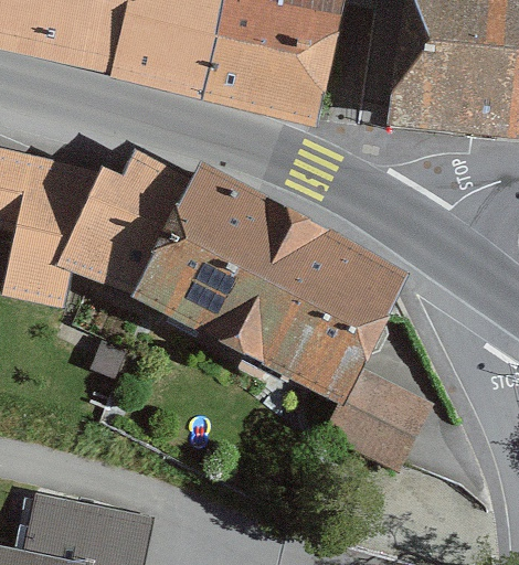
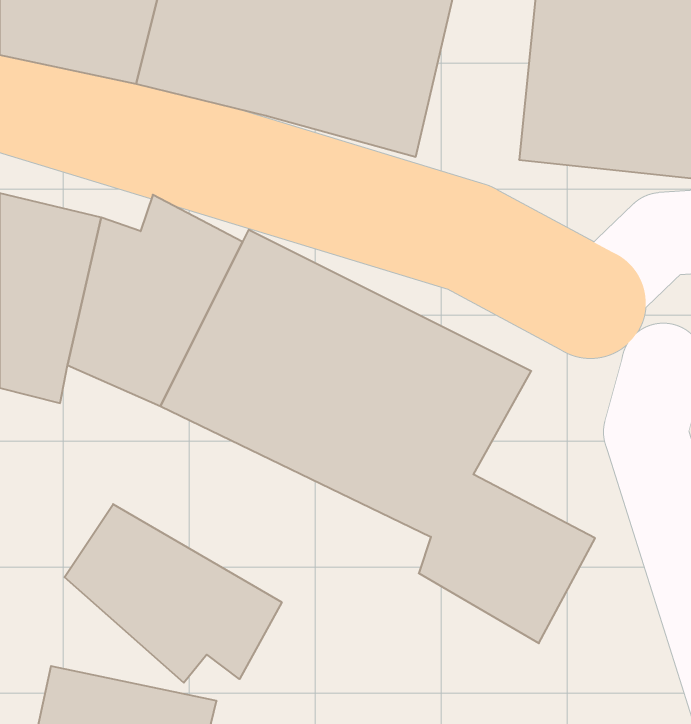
building: none -> [65,504,282,683]

